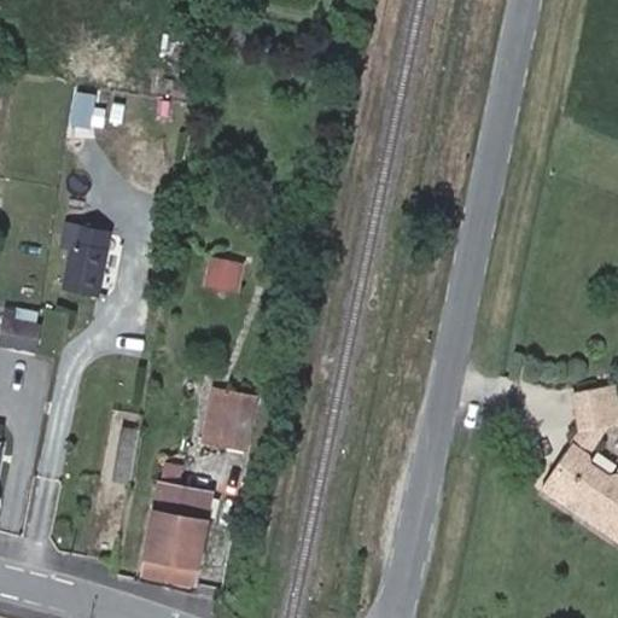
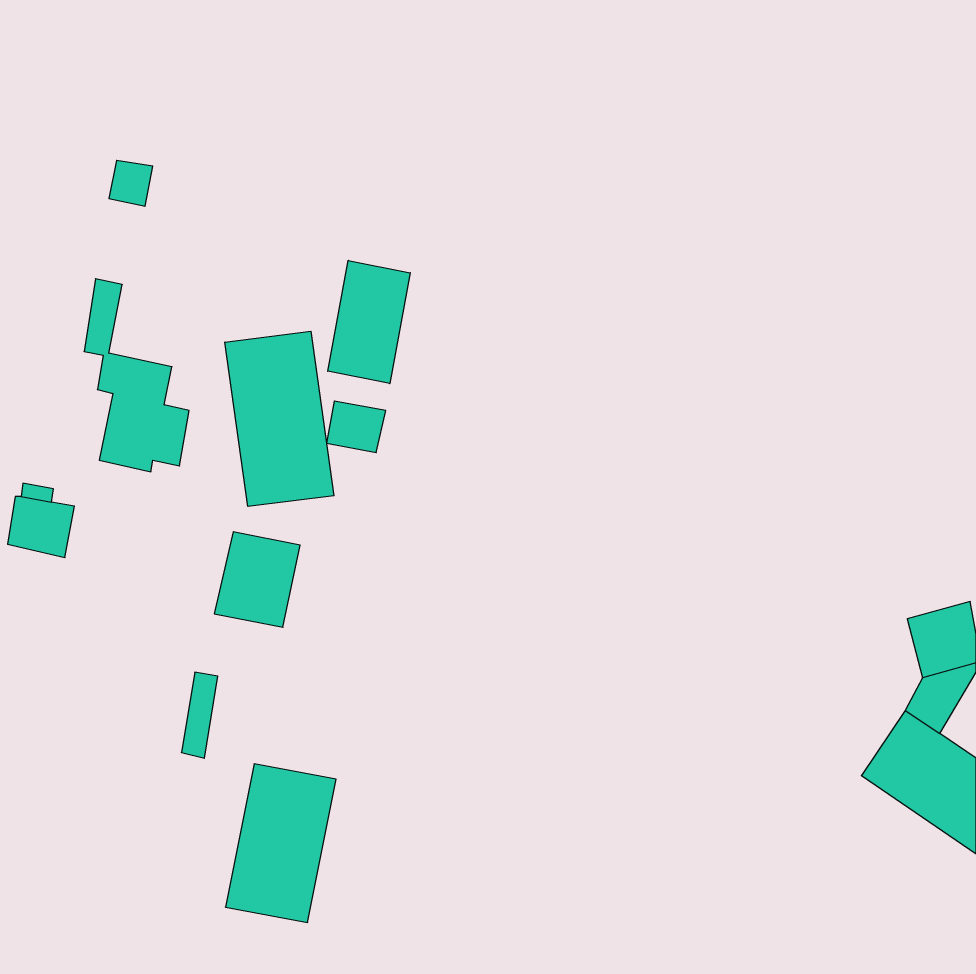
building: none -> [328,260,410,384]
building: none -> [225,331,334,506]
building: [203,387,257,448] -> [214,532,300,627]

